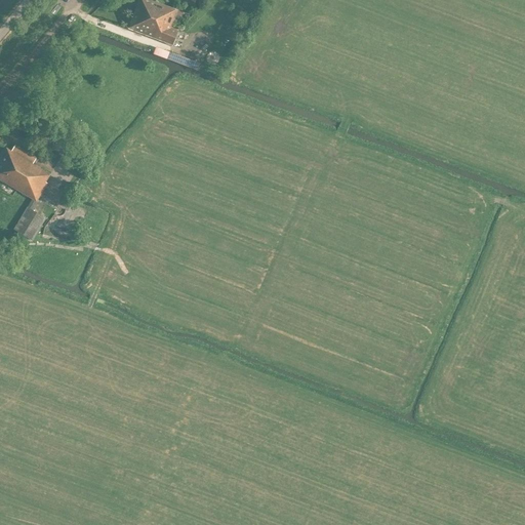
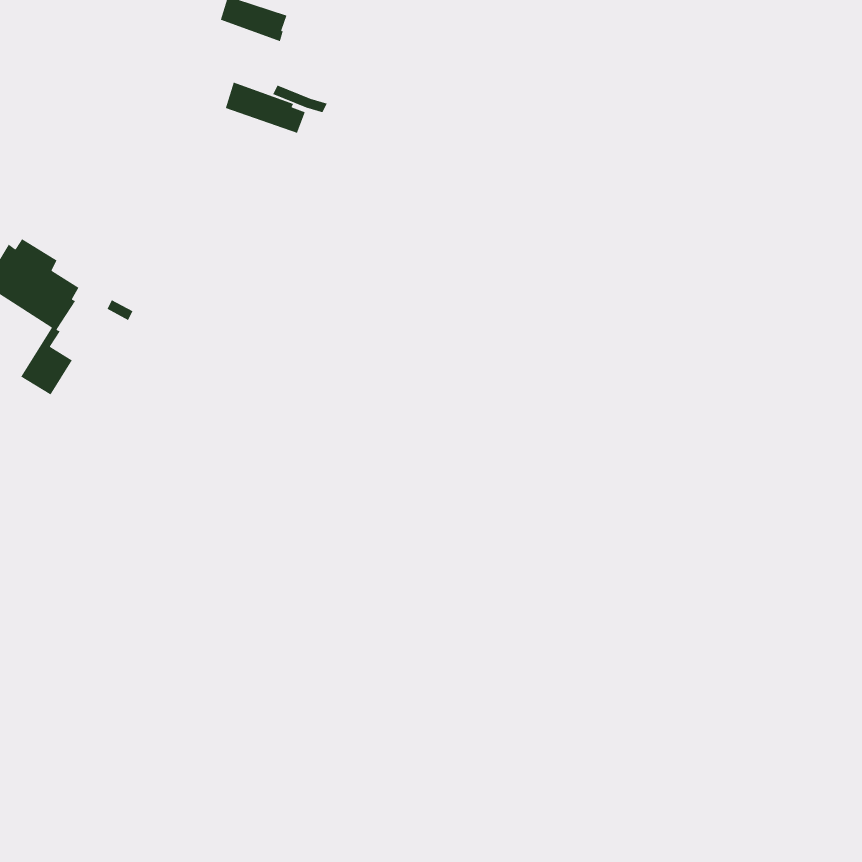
building: [128,12,177,44] -> [225,81,306,134]

